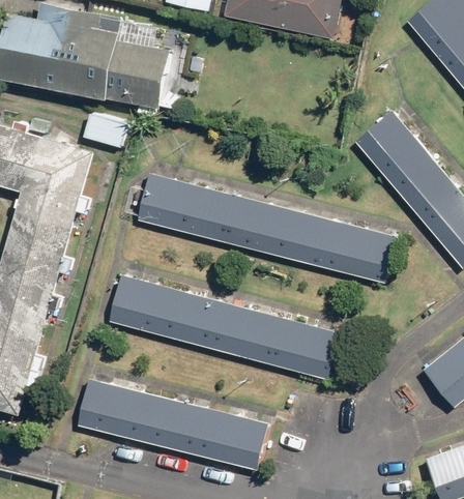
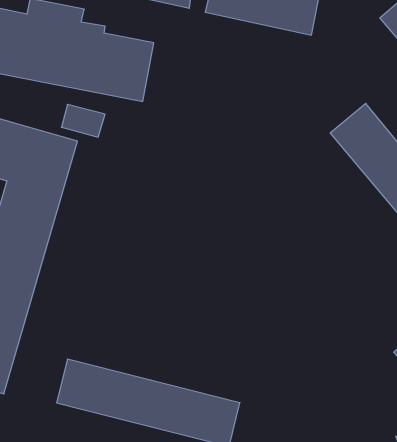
building: [130,172,399,283] -> none
building: [103,273,334,379] -> none

